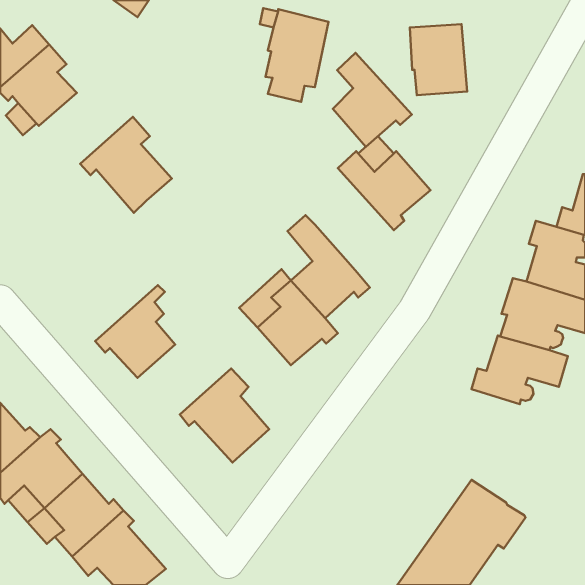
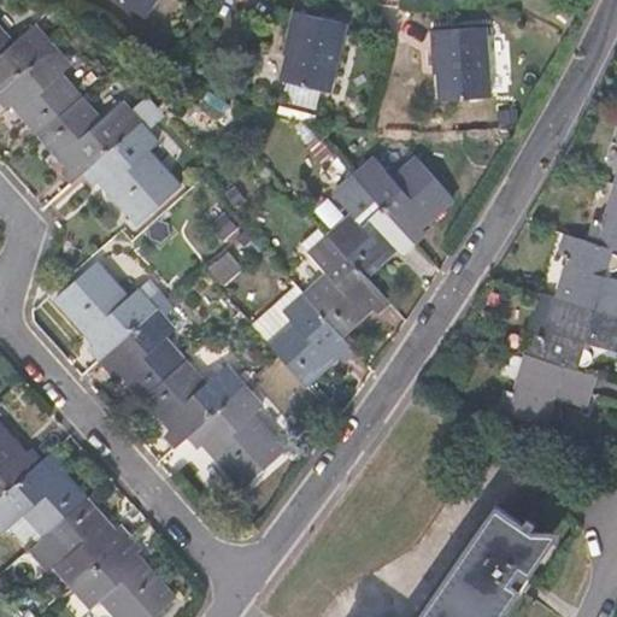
building: [333,53,412,147] -> [331,177,415,276]
building: none -> [41,98,140,182]
building: none -> [57,262,166,359]
building: none -> [145,363,243,446]

